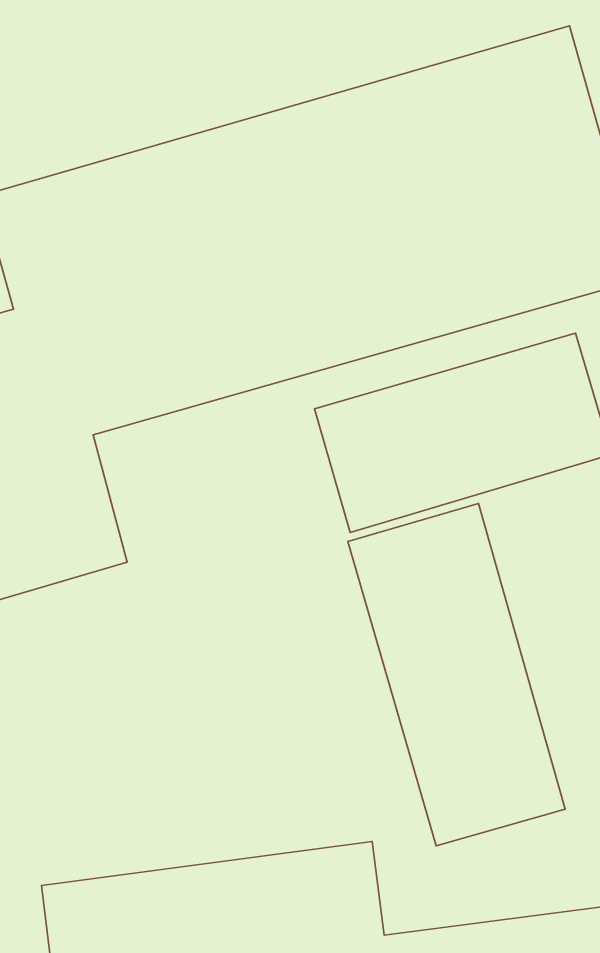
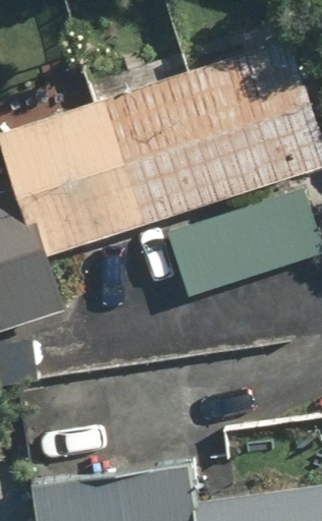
building: [348,504,565,846] -> none

